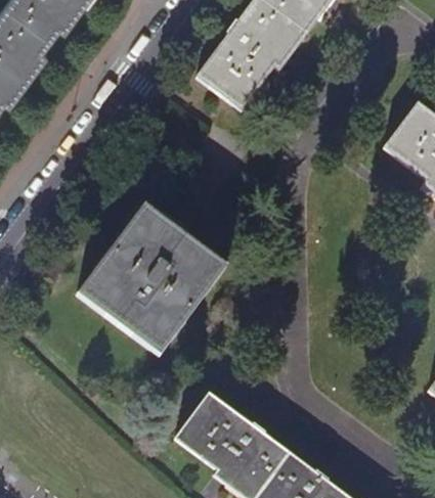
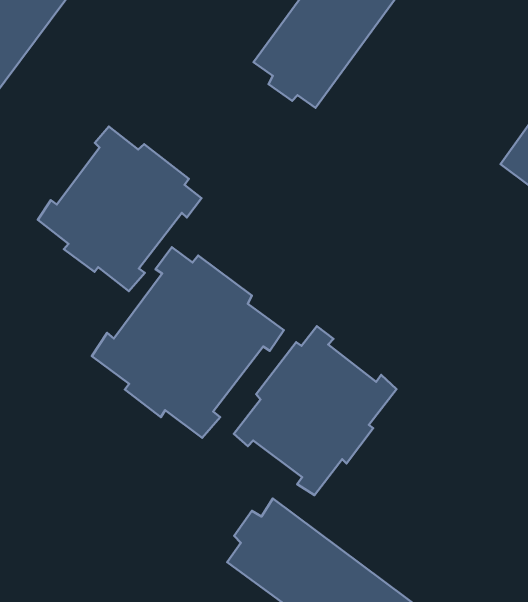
building: none -> [38,126,201,291]
building: none -> [234,326,397,495]

